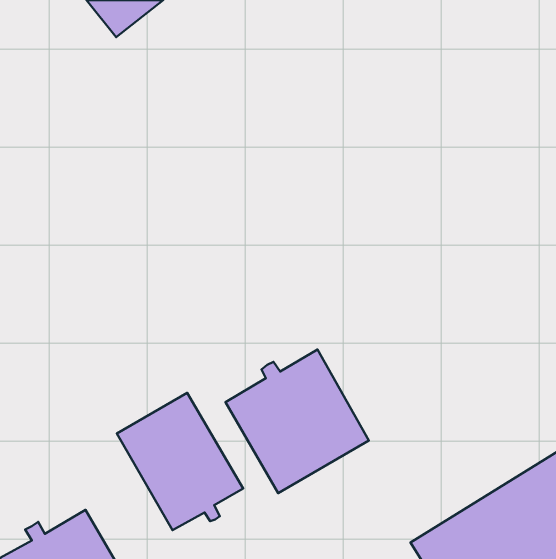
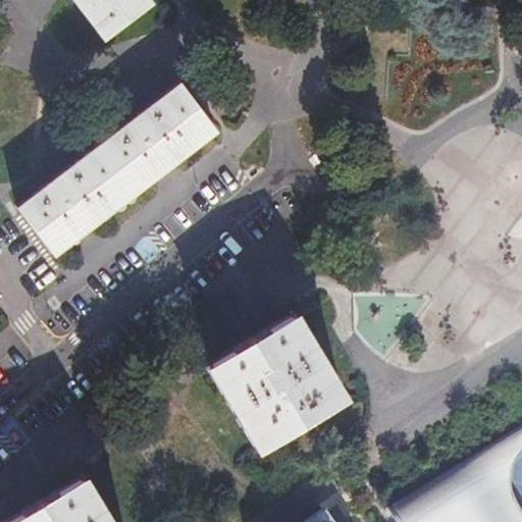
building: none -> [21,80,221,253]
building: [117,393,243,530] -> none

